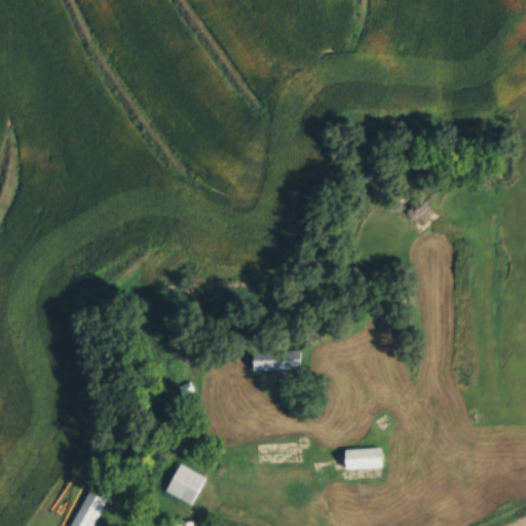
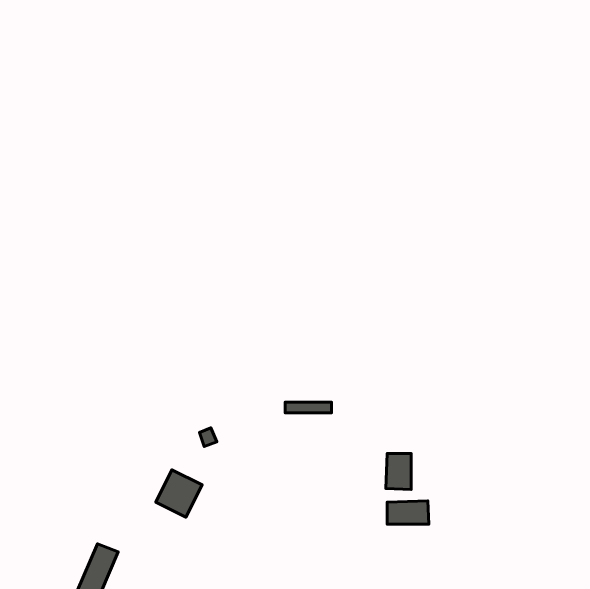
building: none -> [386,453,411,490]
building: [164,463,205,505] -> [156,470,202,517]

